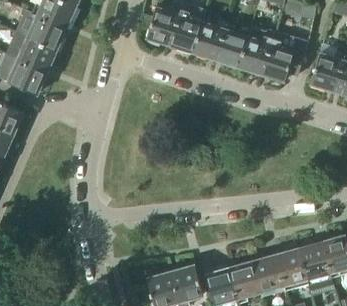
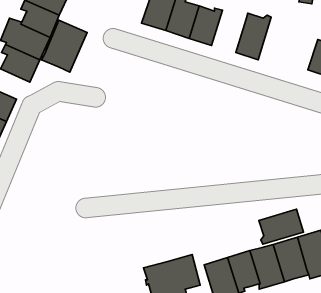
building: [215,24,249,66] -> none
building: [261,31,309,81] -> none
building: none -> [41,20,87,72]
building: none -> [259,209,303,244]

